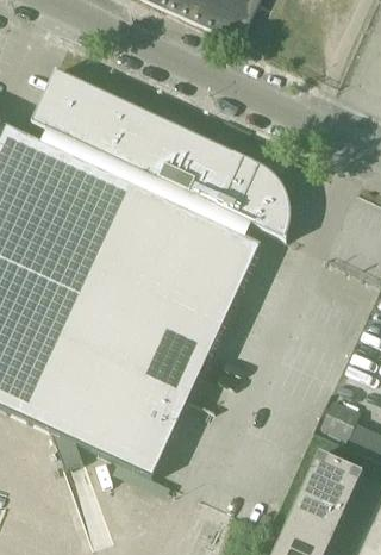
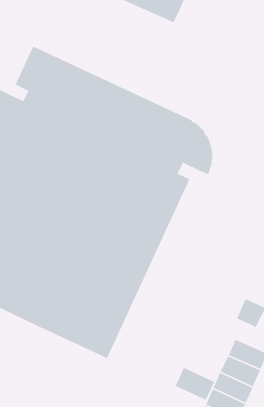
building: none -> [174,367,215,401]

